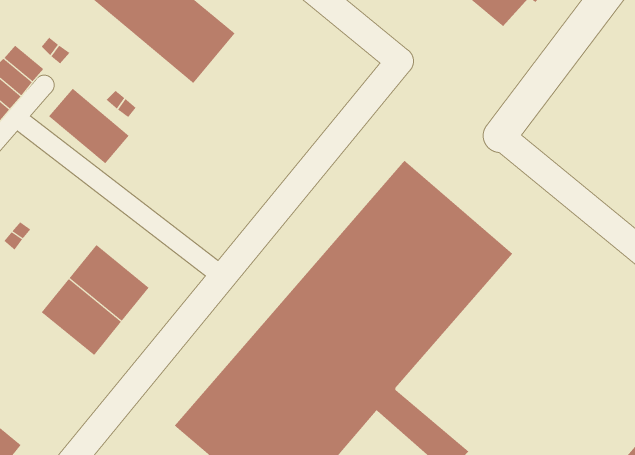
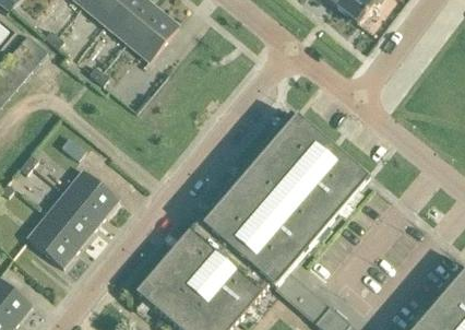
building: [48,88,129,164] -> none
building: none -> [27,215,82,268]

